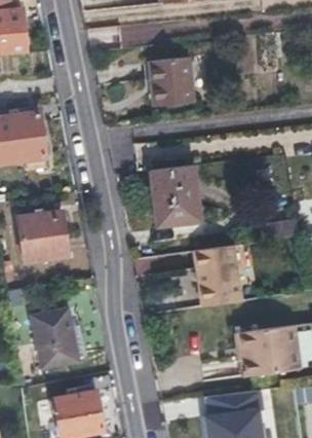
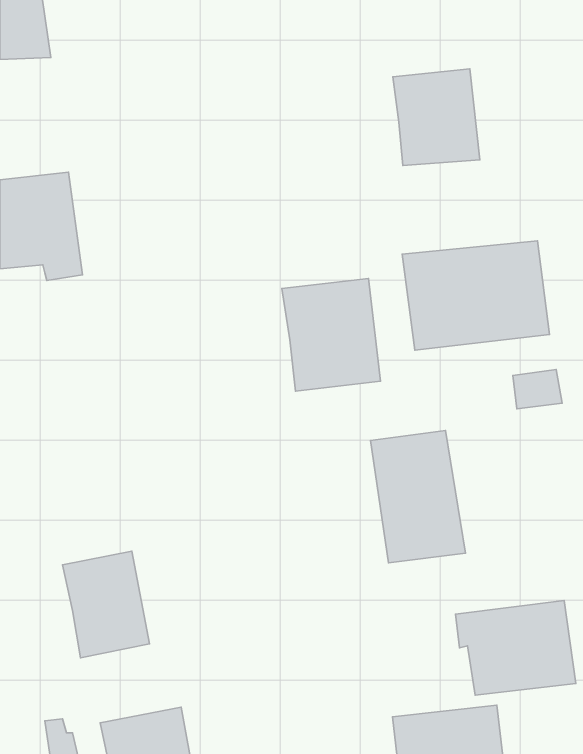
building: [150,60,195,110] -> [393,69,480,166]
building: none -> [402,241,550,350]
building: [17,211,68,259] -> none

